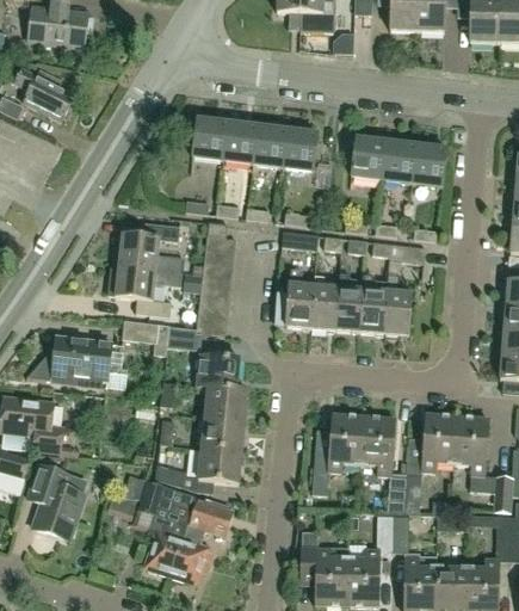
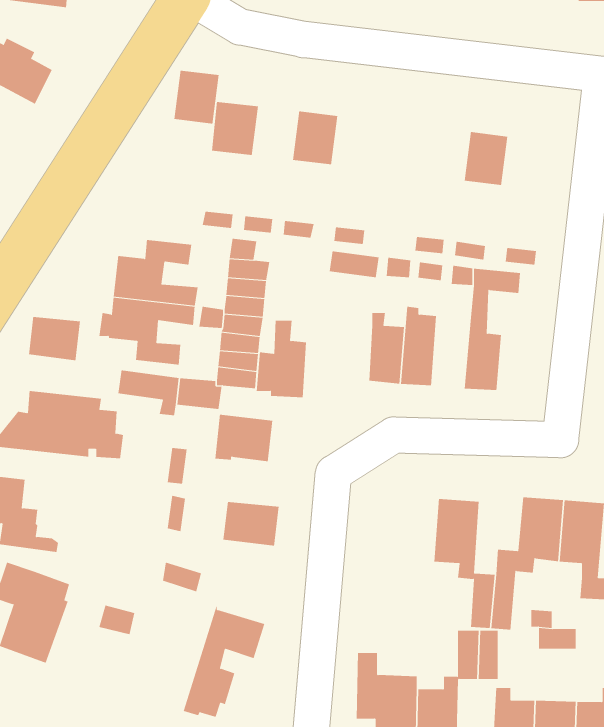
building: [224,121,259,161] -> [173,70,219,124]
building: [284,128,320,168] -> none
building: [352,136,388,177] -> none
building: [412,143,447,184] -> none
building: [276,269,314,327] -> [256,320,307,398]
building: [359,273,388,333] -> none
building: none -> [29,316,81,361]
building: [205,384,248,421] -> none
building: [313,413,364,493] -> none
building: [198,446,241,483] -> none
building: [136,481,197,575] -> none

